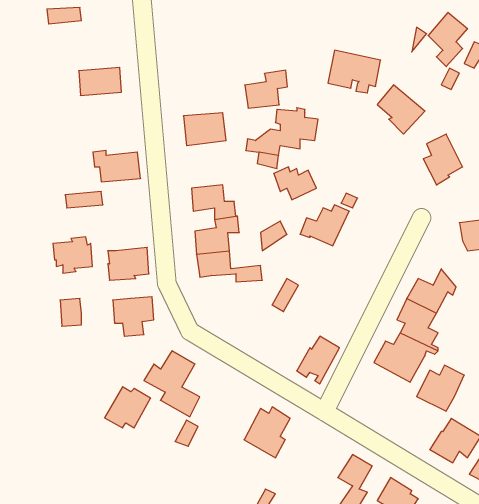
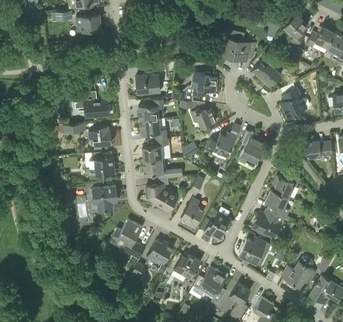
building: [79,67,121,95] -> [75,15,101,32]
building: [245,70,287,108] -> [138,98,164,121]
building: none -> [238,132,266,168]
building: [53,237,92,273] -> [88,126,112,148]
building: none -> [146,179,178,212]
building: none -> [180,197,204,226]
building: [417,365,464,411] -> [238,236,267,264]
building: [105,387,151,428] -> [146,239,174,264]
building: none -> [193,267,226,298]

